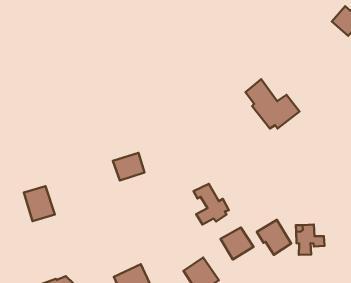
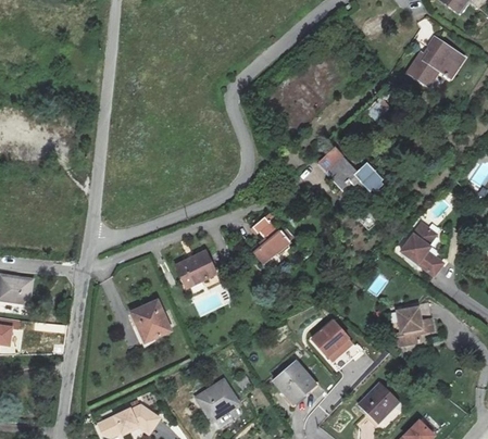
building: none -> [401,222,443,274]
building: [194,184,229,224] -> [250,215,293,263]
building: [24,186,55,221] -> [132,299,171,341]
building: [257,220,291,255] -> none

